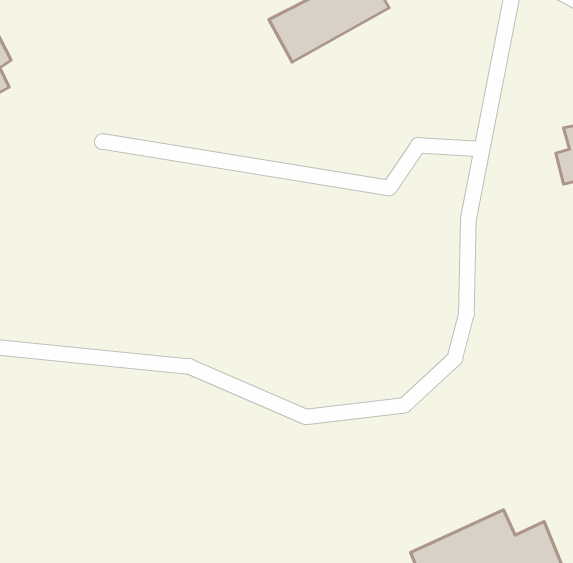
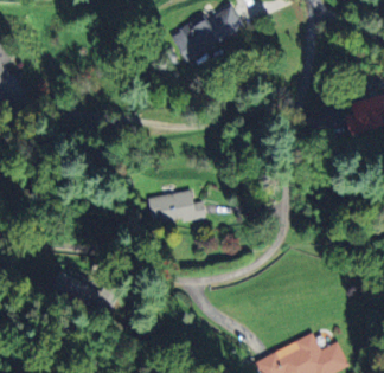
building: none -> [148,189,205,224]

